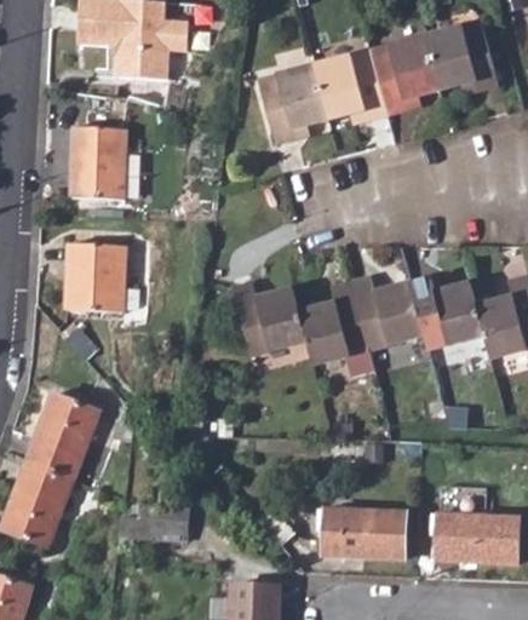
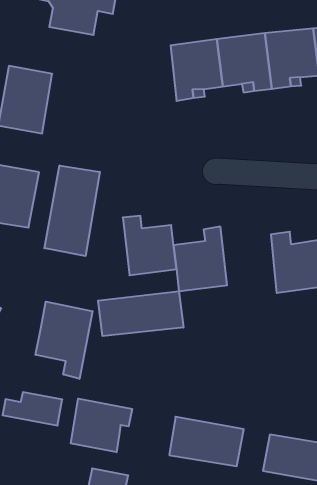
building: none -> [44,165,100,256]
building: [346,275,419,349] -> none
building: none -> [98,291,183,336]
building: none -> [36,302,92,379]
building: none -> [71,399,132,452]

